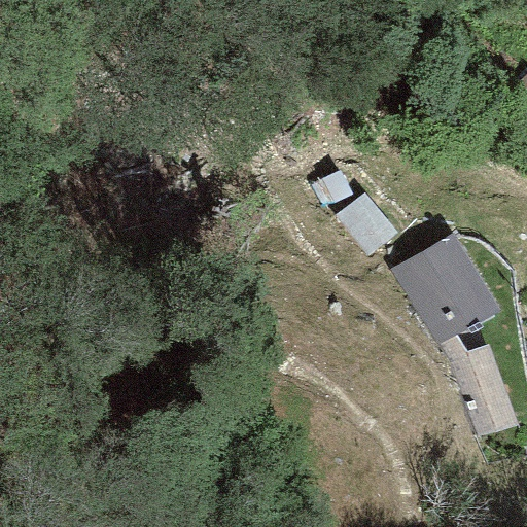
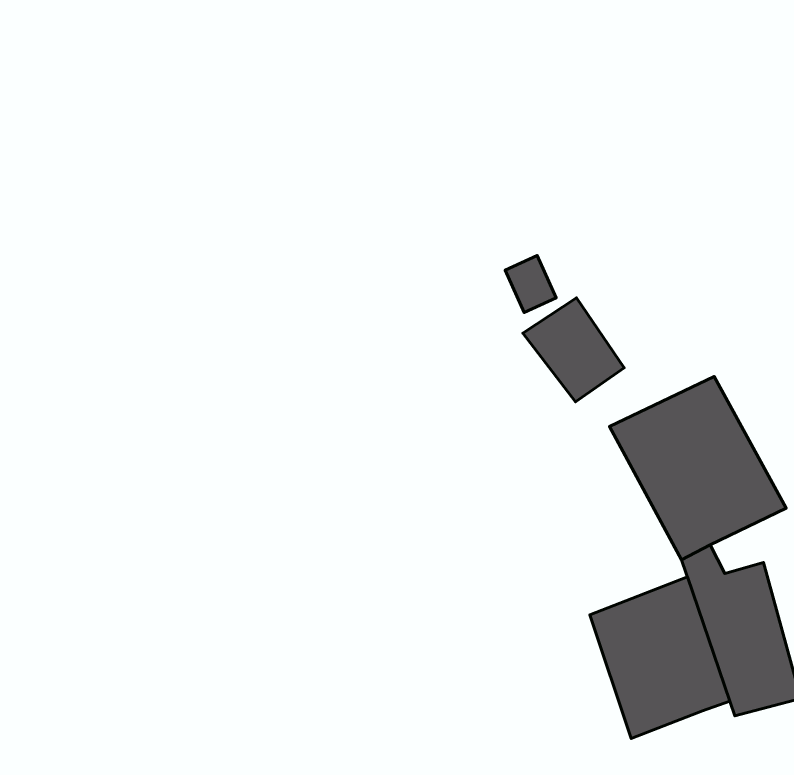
building: none -> [590,577,730,738]

